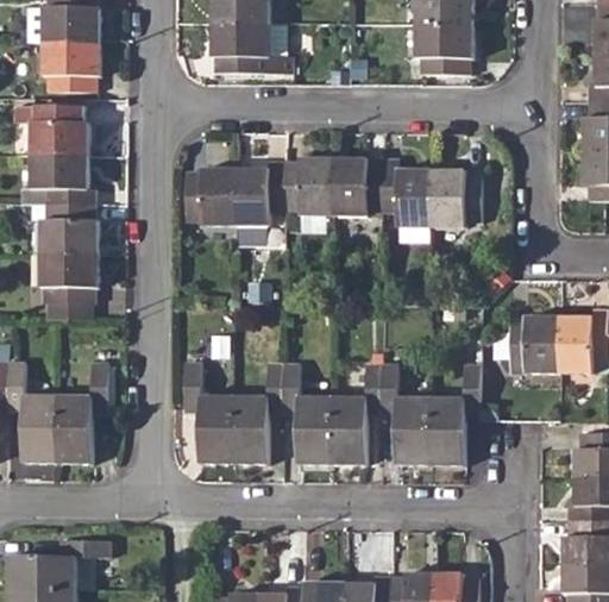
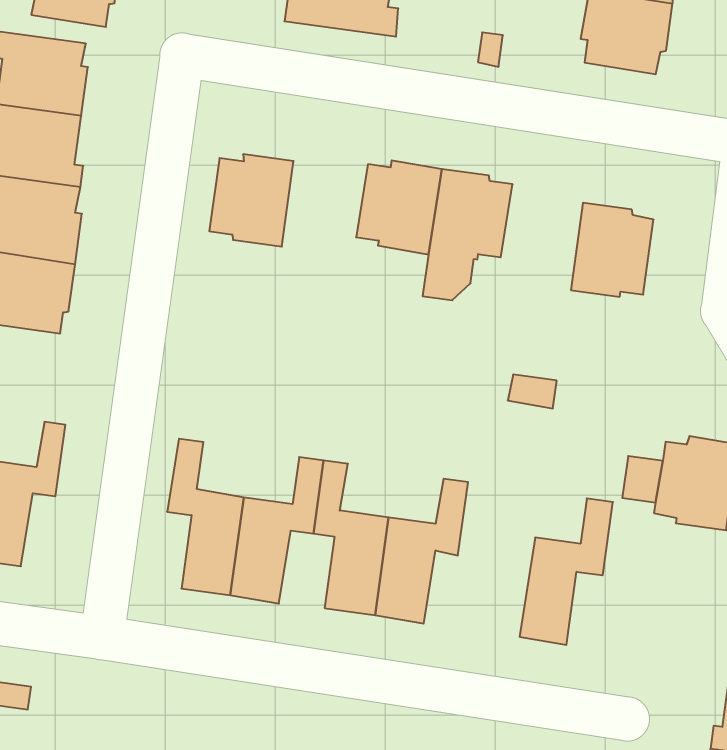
building: [236,162,285,226] -> none
building: [383,162,433,227] -> none
building: [382,364,432,464] -> none

